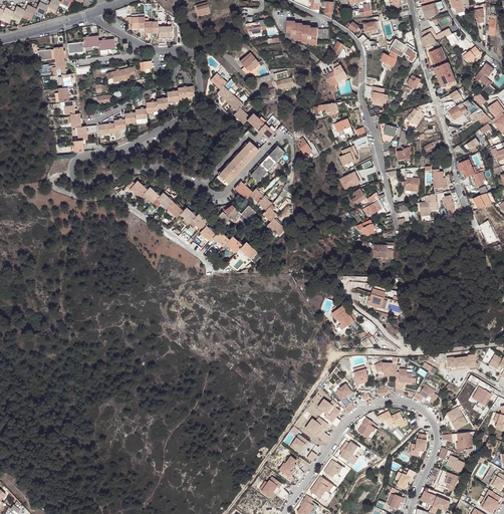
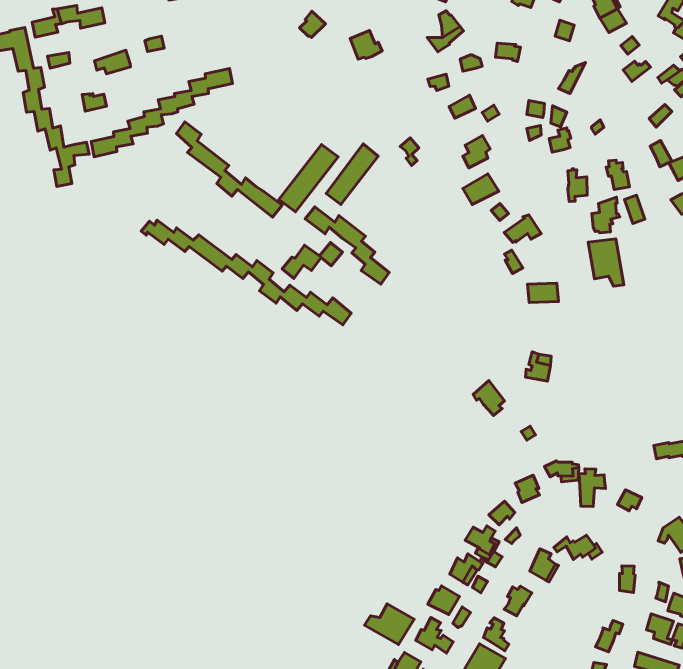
building: [210,73,274,141] -> [177,122,282,217]
building: none -> [588,239,624,286]
building: none -> [364,604,414,645]

